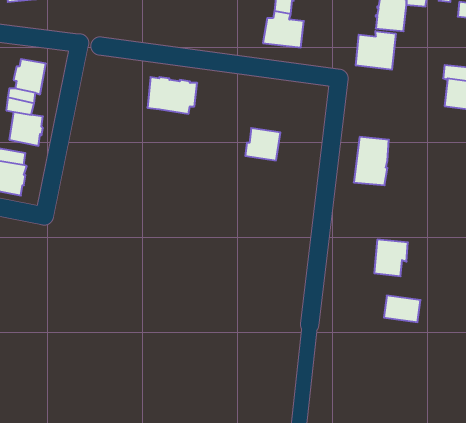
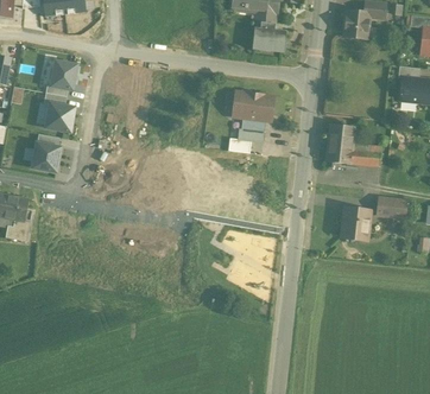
building: [356,31,396,70] -> none
building: [147,77,197,114] -> [233,90,273,120]
building: none -> [350,142,381,165]
building: [384,296,421,322] -> [377,196,406,217]

